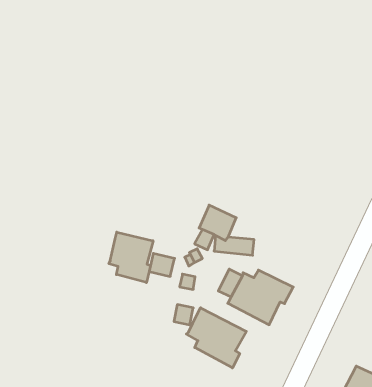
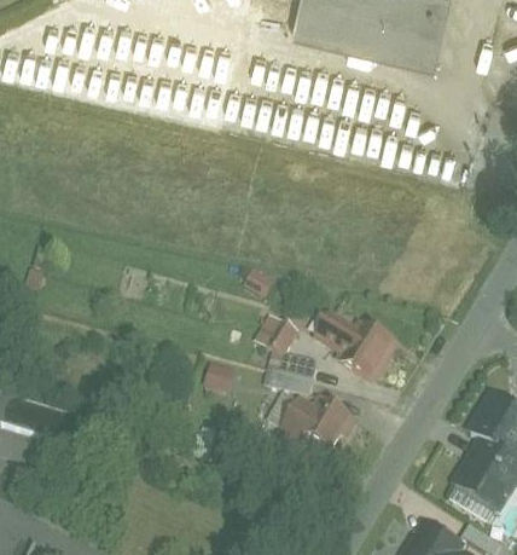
building: none -> [315,314,399,385]
building: [109,232,153,283] -> none
building: [186,308,246,368] -> none

